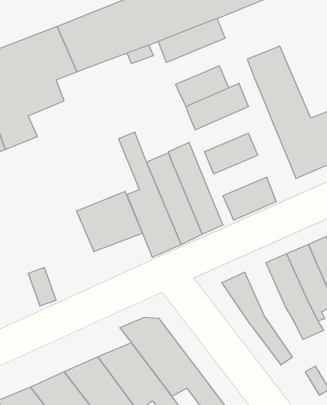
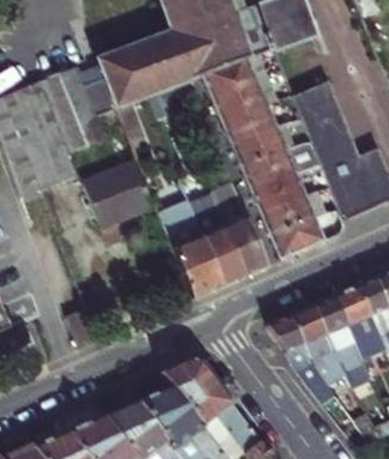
building: none -> [210,72,280,120]
building: none -> [240,135,321,189]
building: none -> [259,187,328,235]
building: [76,191,142,252] -> [85,163,154,225]
building: none -> [292,304,347,379]

